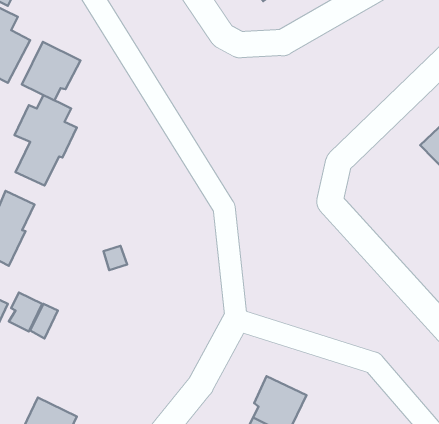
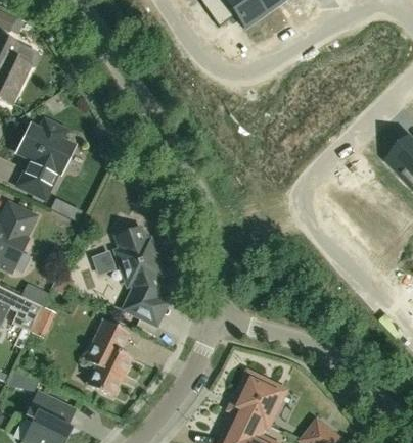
building: [22,42,80,100] -> none
building: none -> [116,225,171,325]
building: none -> [84,317,133,395]

